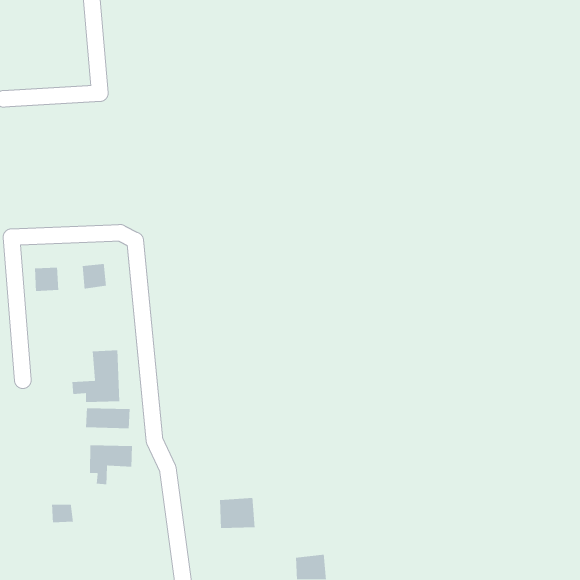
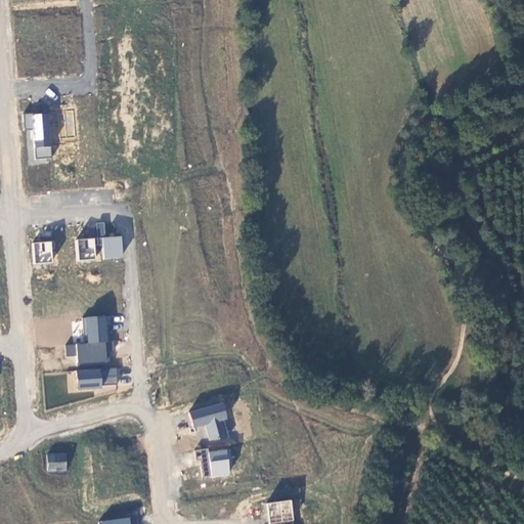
building: none -> [24,112,53,159]
building: none -> [97,222,123,258]
building: [89,444,133,485] -> none
building: none -> [189,404,229,441]

